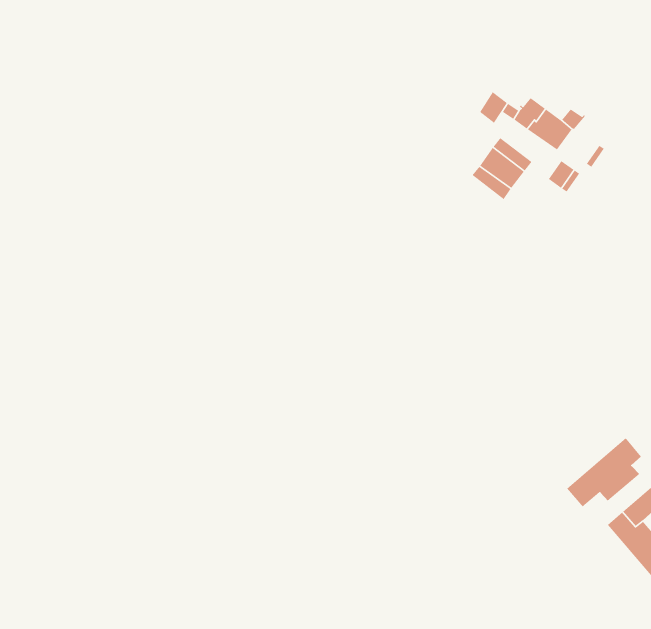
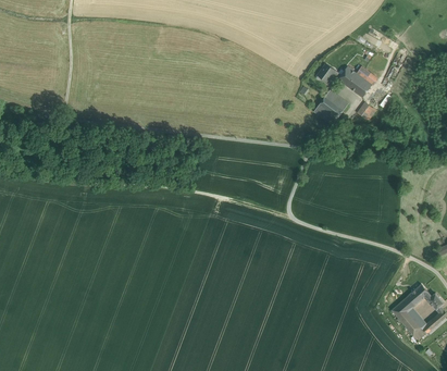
building: [566,437,642,508] -> none

